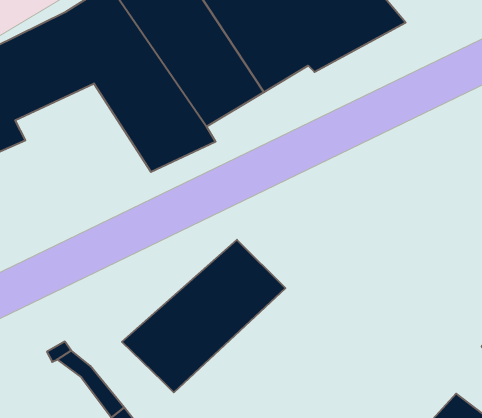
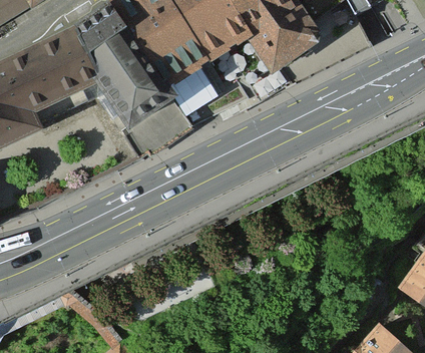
building: [122,240,285,392] -> none

